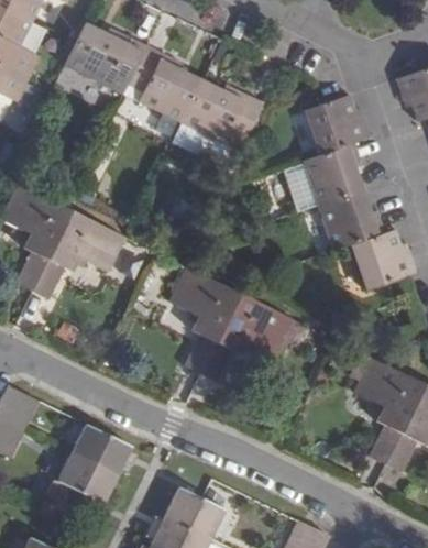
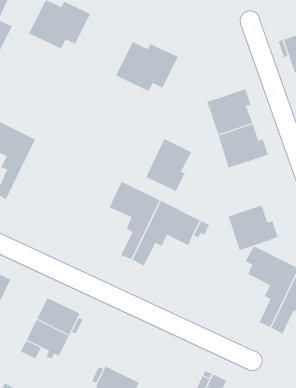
building: [124,43,200,125] -> none
building: [301,94,367,155] -> none
building: none -> [145,138,192,192]
building: [31,211,124,299] -> none
building: [347,229,415,291] -> [228,205,279,251]
building: [164,482,223,538] -> none

